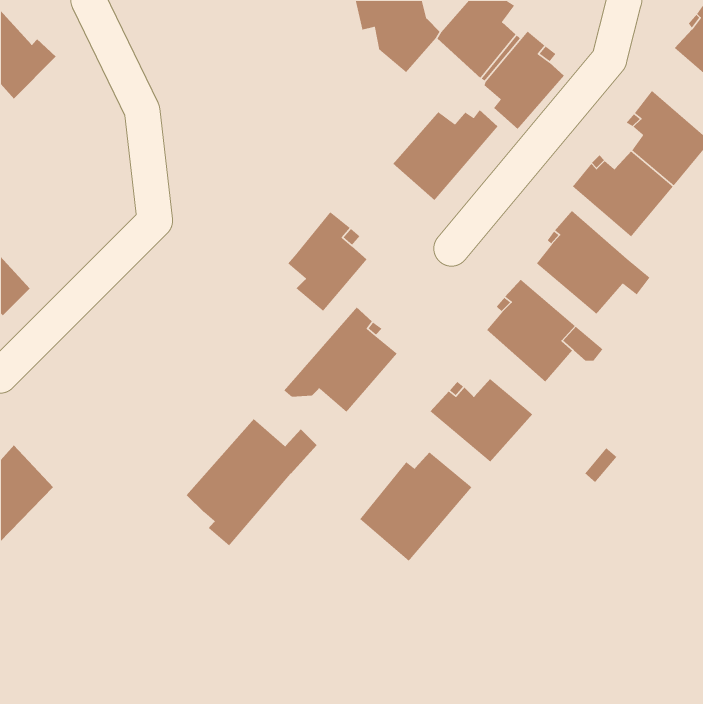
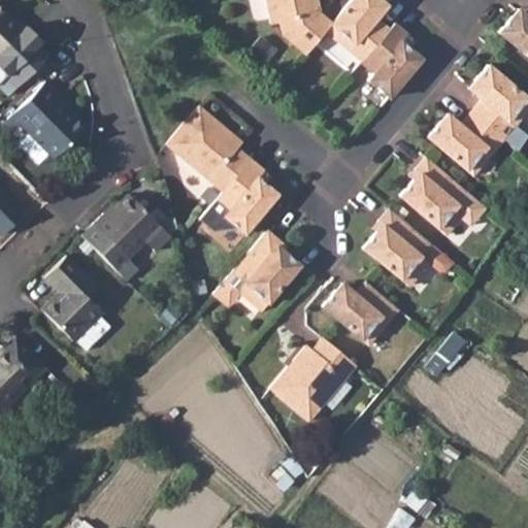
building: [392,109,499,201] -> none
building: none -> [14,85,88,160]
building: none -> [168,106,249,191]
building: none -> [84,195,162,282]
building: none -> [38,256,108,350]
building: [186,418,317,547] -> none

